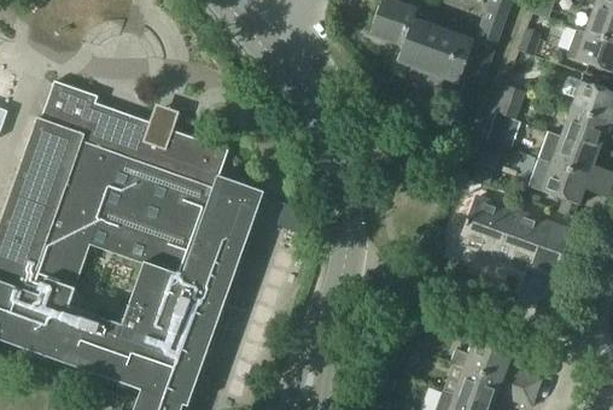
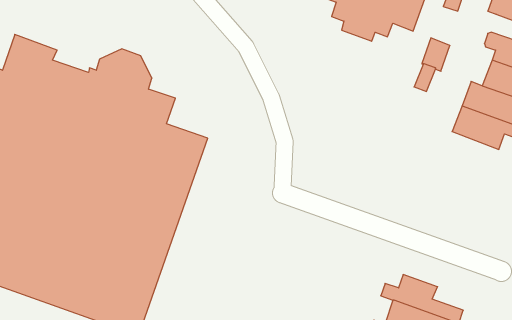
building: [460,195,570,276] -> none

